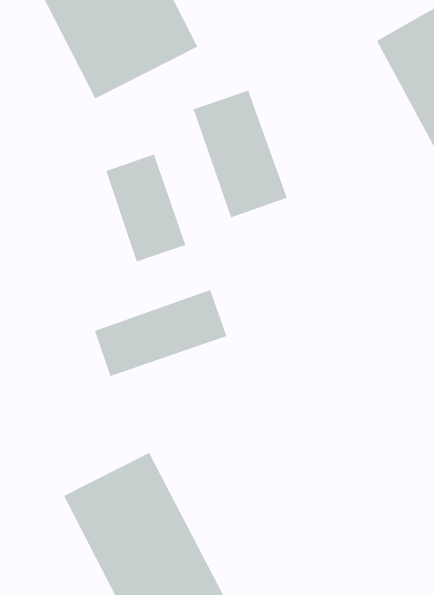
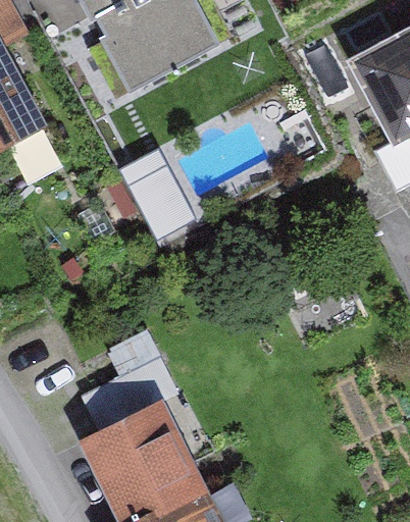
building: [193,90,288,218] -> none
building: [94,289,227,377] -> none

